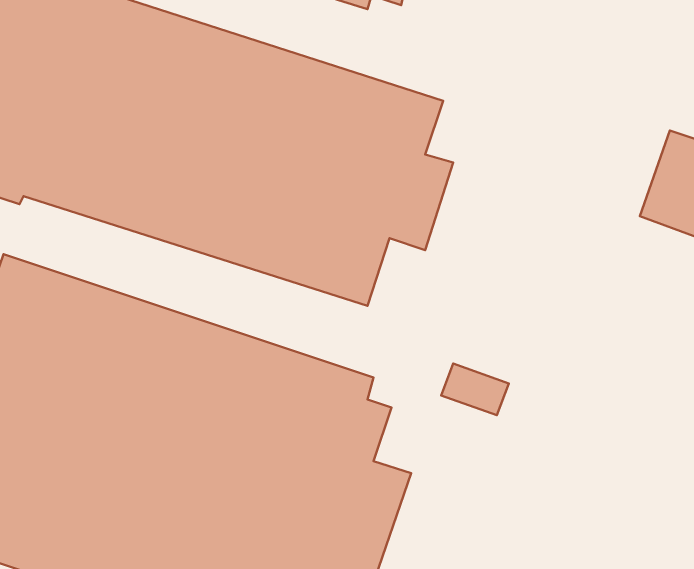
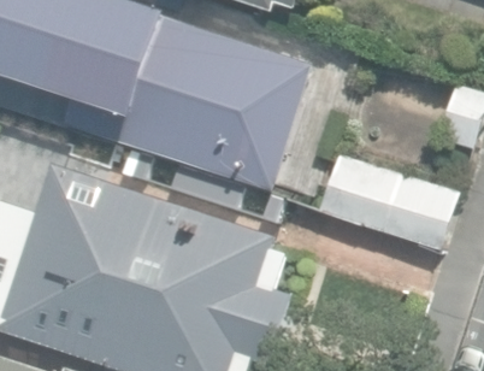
building: none -> [308,149,454,258]

